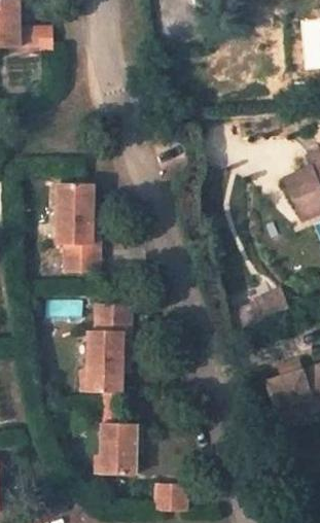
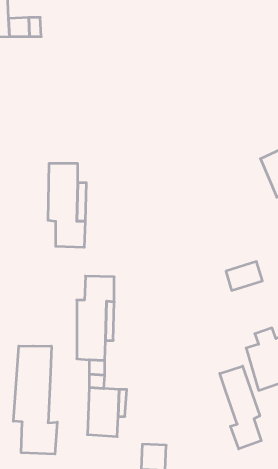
building: none -> [13,346,57,454]
building: none -> [220,366,261,449]

